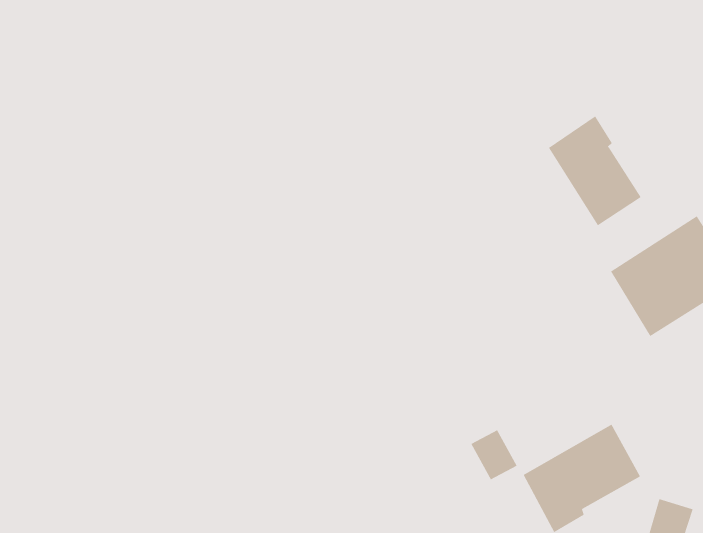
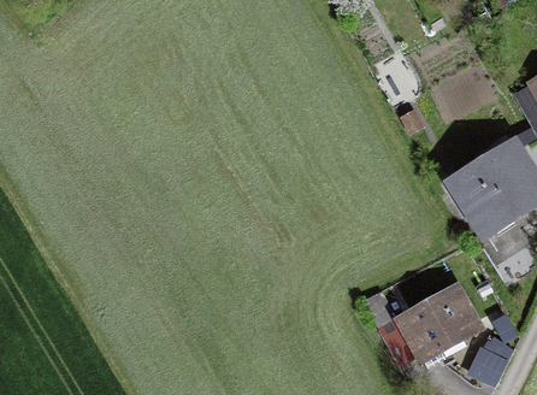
building: [548,115,641,226] -> none

